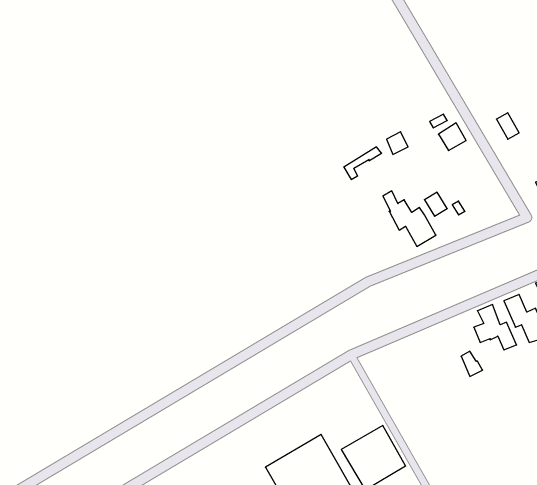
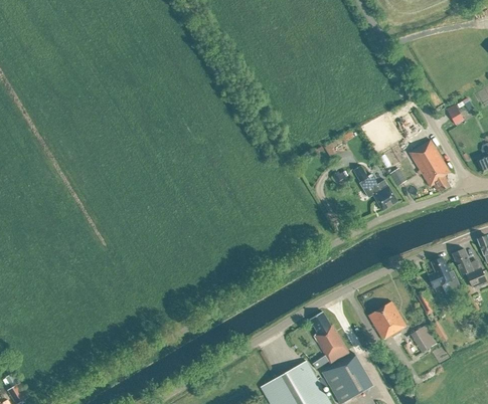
building: none -> [409,140,450,192]
building: none -> [368,301,406,341]
building: none -> [309,312,349,364]
building: none -> [411,325,436,352]

